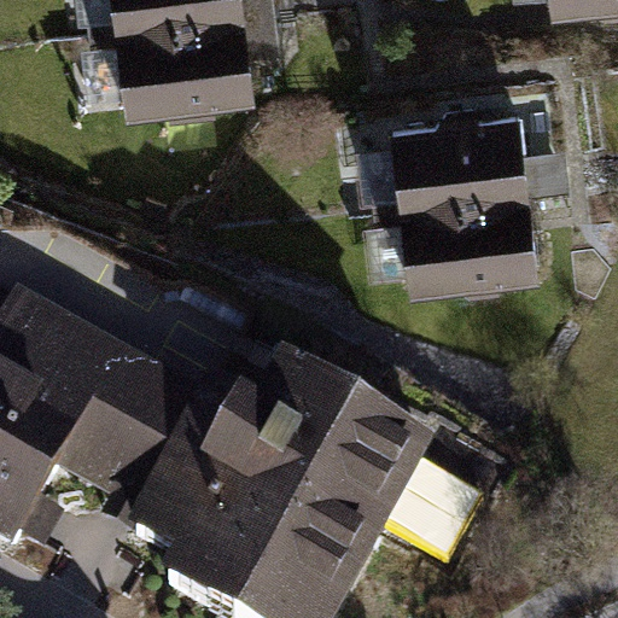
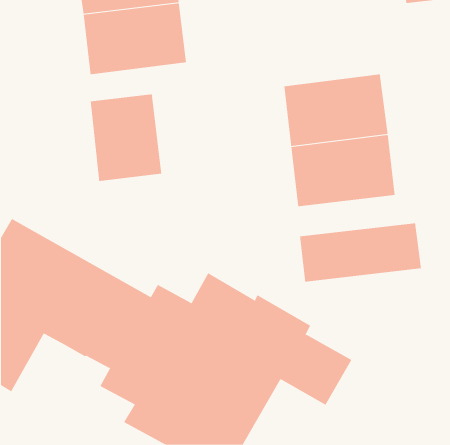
building: none -> [90,93,162,182]
building: none -> [300,222,422,282]

